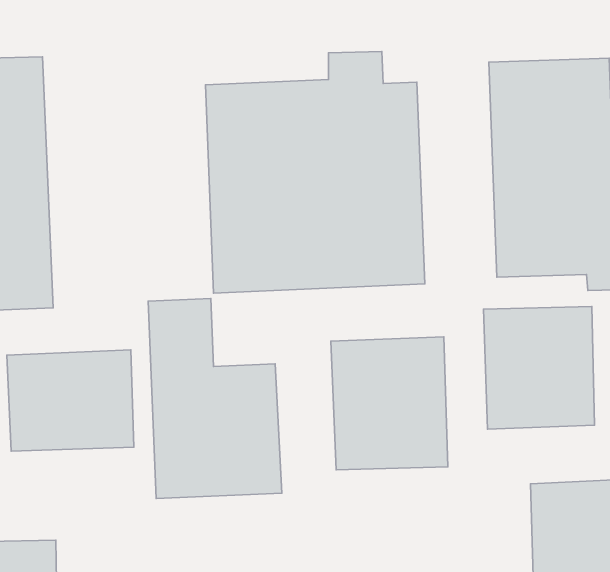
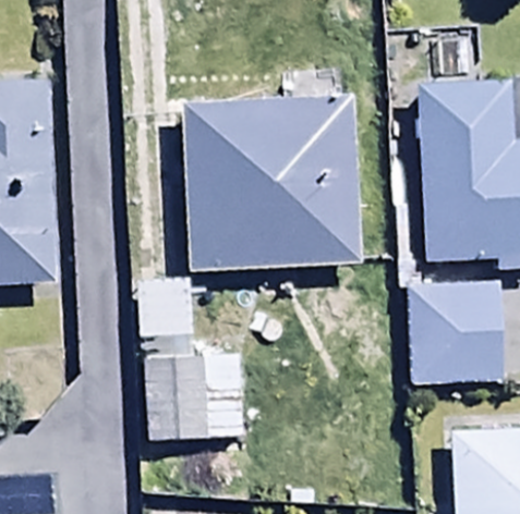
building: [331,337,448,470] -> none
building: [7,350,134,451] -> none

